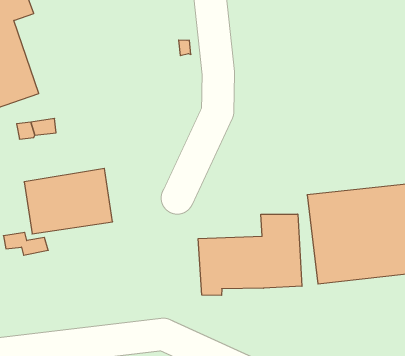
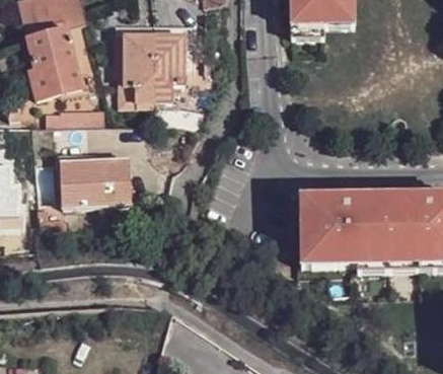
building: none -> [124,30,187,98]
building: [198,214,302,295] -> none

